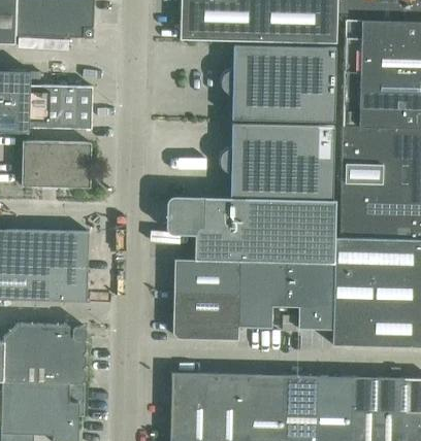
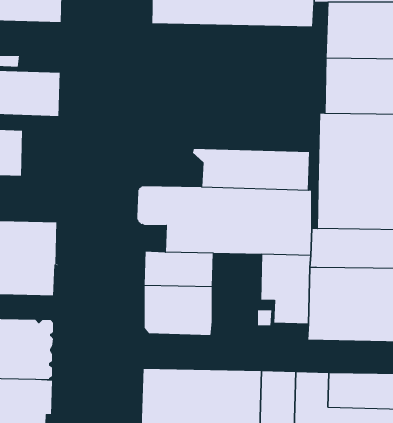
building: [221,44,335,121] -> none
building: [220,124,333,163] -> none
building: [55,142,90,188] -> none
building: [238,261,286,328] -> none

